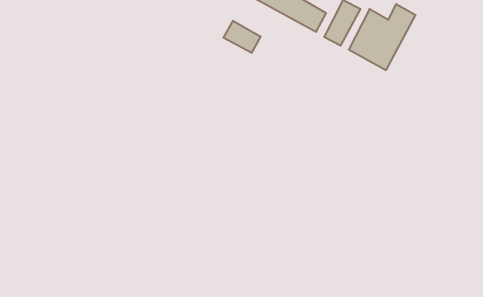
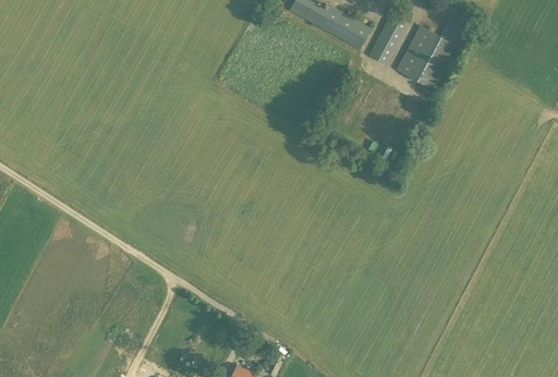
building: [223,21,261,53] -> none

